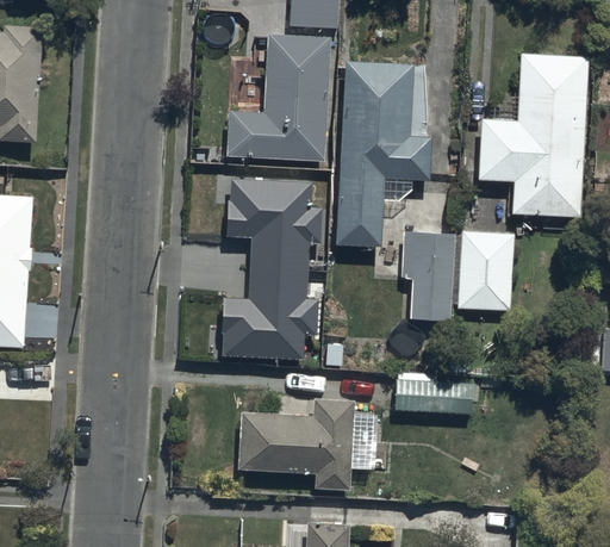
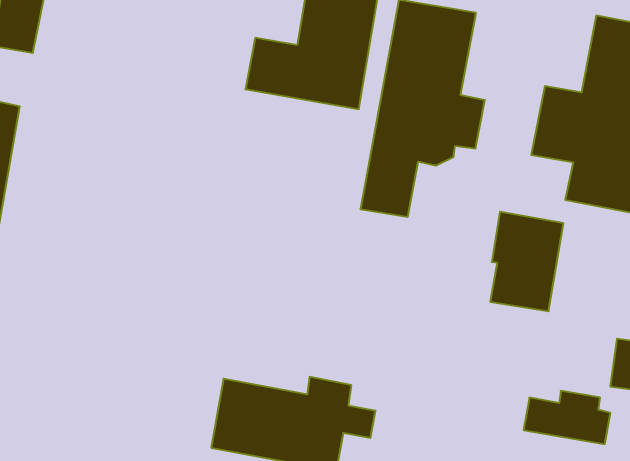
building: [228,184,325,363] -> none
building: [400,230,452,319] -> none
building: [393,373,466,414] -> [524,391,610,444]

